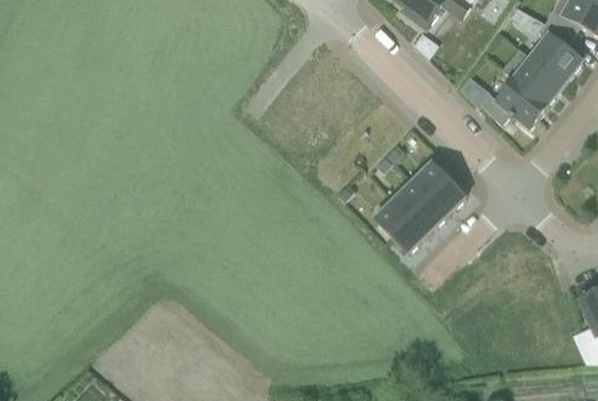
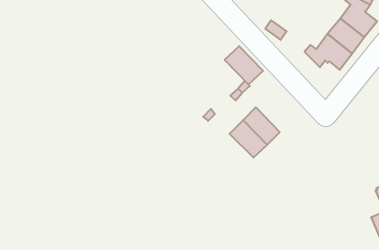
building: [412,163,466,217] -> [225,46,263,85]

